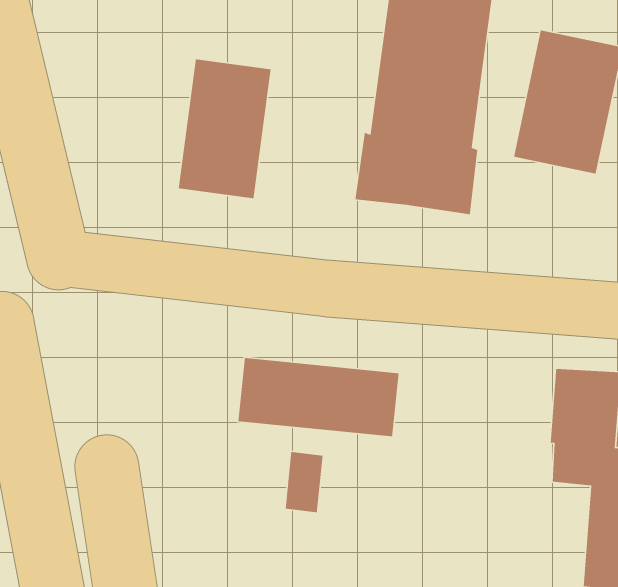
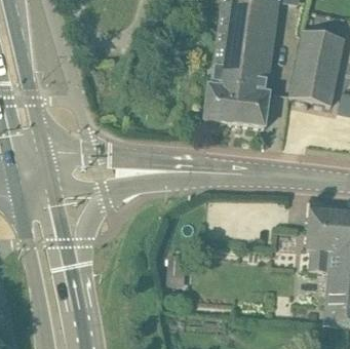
building: [178,59,272,199] -> none
building: [237,357,400,437] -> none

